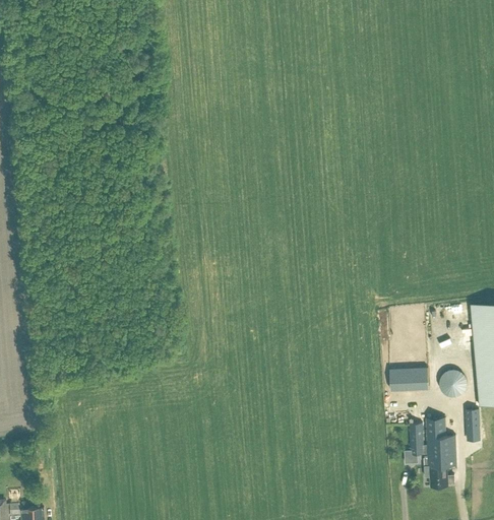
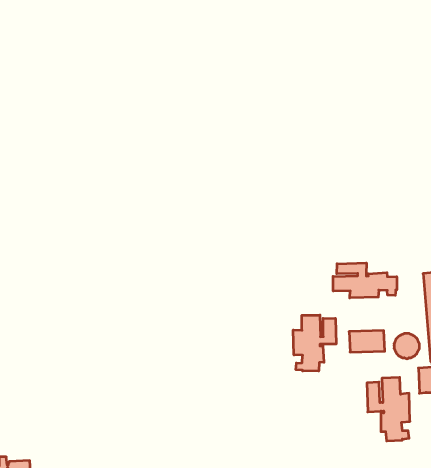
building: none -> [333,263,397,298]
building: none -> [293,315,336,371]

